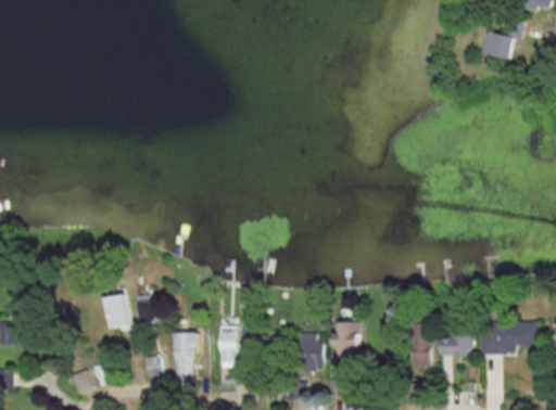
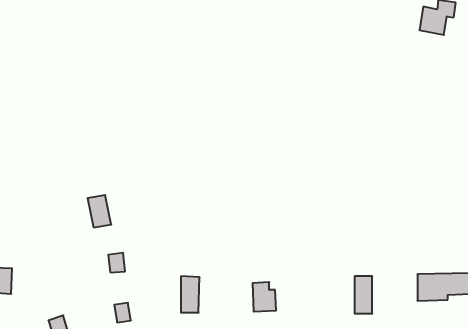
building: [106,295,132,331] -> [88,195,111,227]
building: [332,321,358,356] -> none
building: [174,333,198,375] -> none
building: [440,334,472,357] -> none

